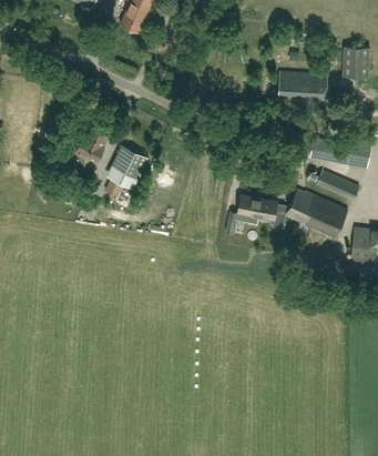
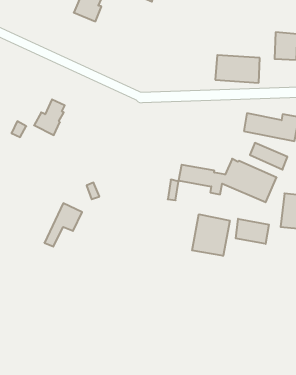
building: [105,146,147,195] -> [44,203,82,247]
building: none -> [192,214,230,256]
building: none -> [236,219,269,244]

